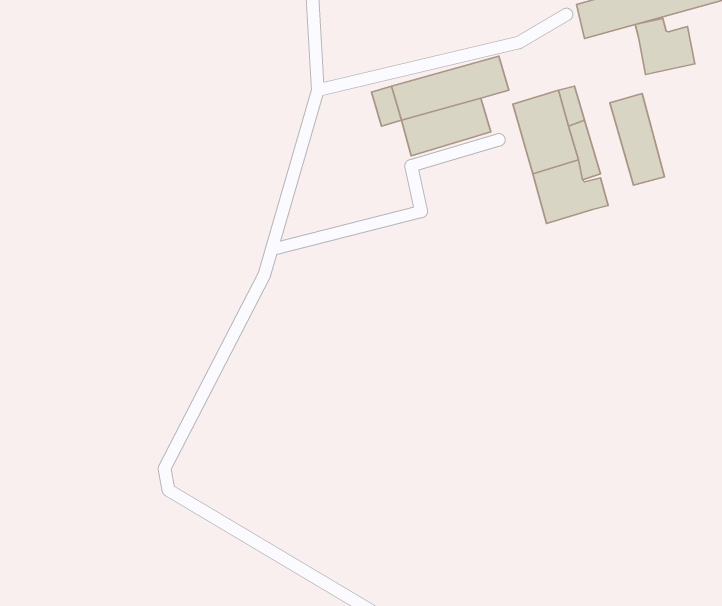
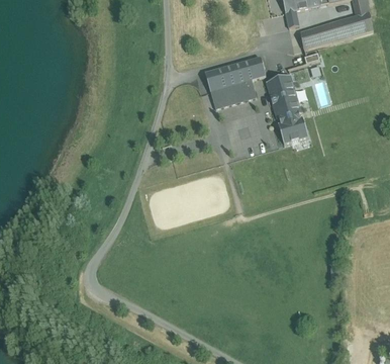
building: [635,19,695,74] -> none
building: [610,93,664,185] -> none

